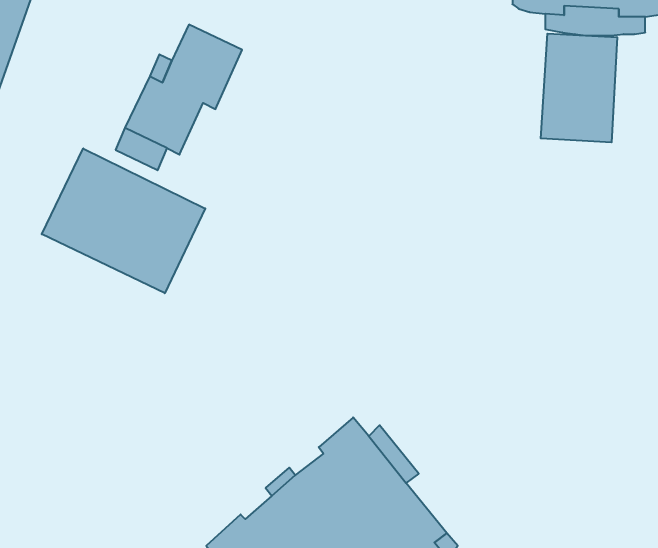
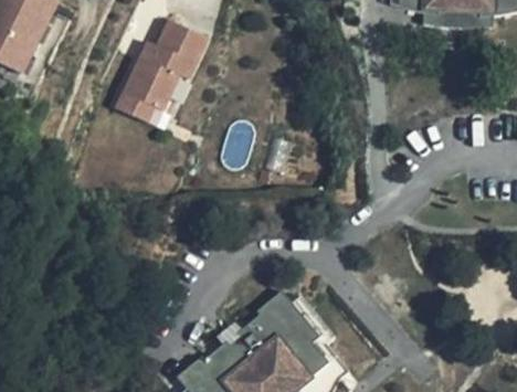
building: [541,34,617,142] -> none
building: [42,148,205,293] -> none

